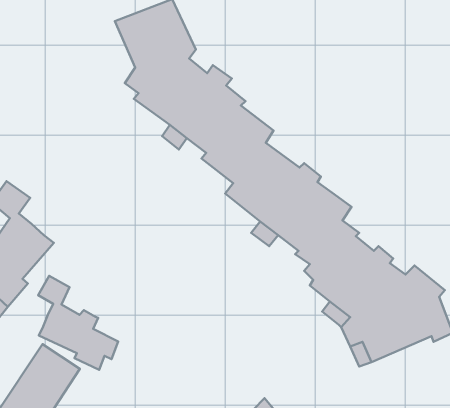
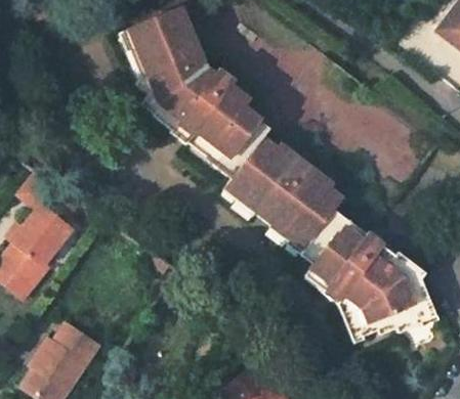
building: [38,276,118,370] -> none

